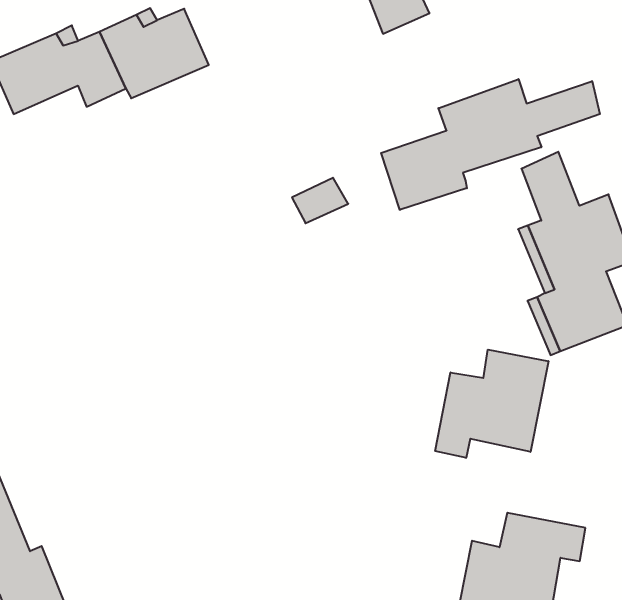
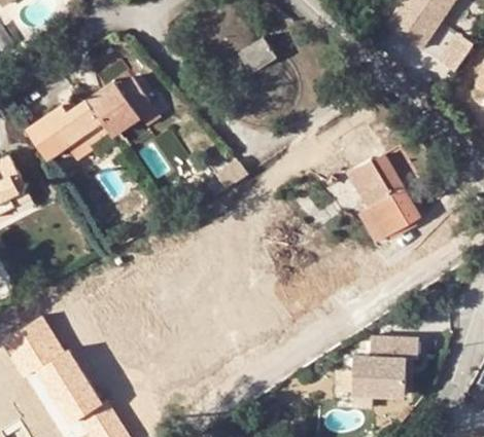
building: [381,79,600,210] -> none
building: [435,350,548,458] -> none

